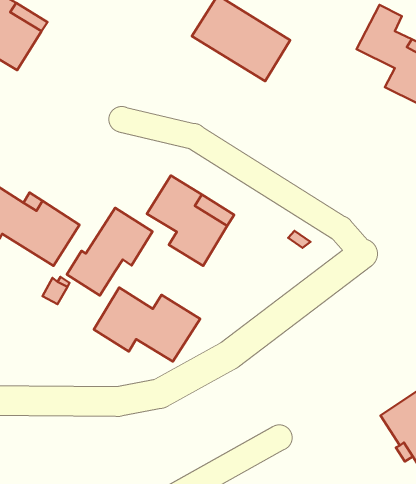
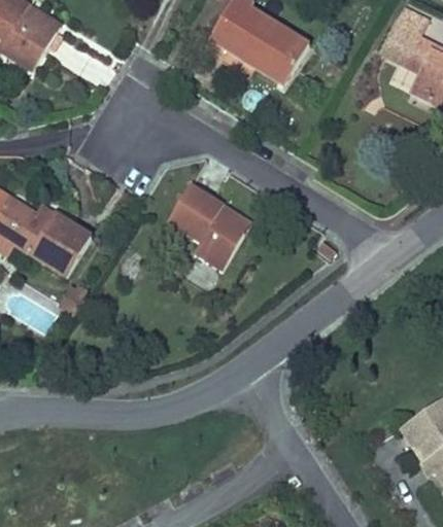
building: [67,208,153,295] -> none
building: [94,288,200,362] -> none

